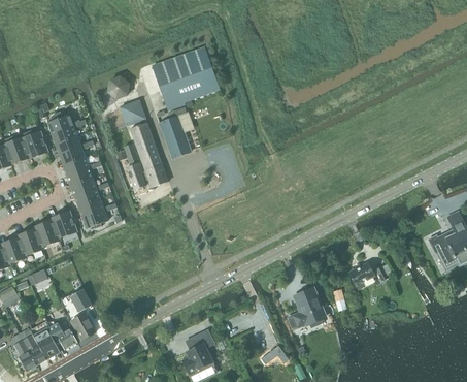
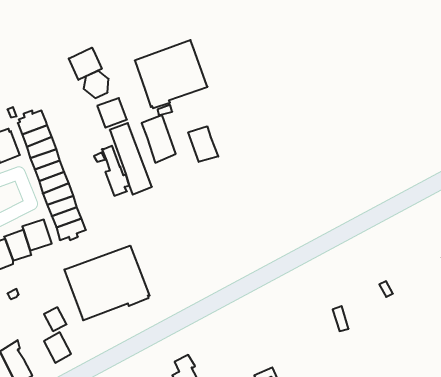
building: none -> [69,48,102,80]
building: none -> [188,126,218,162]
building: none -> [64,246,150,320]
building: [348,262,374,290] -> none
building: [293,287,324,325] -> none
building: [47,318,76,348] -> none

